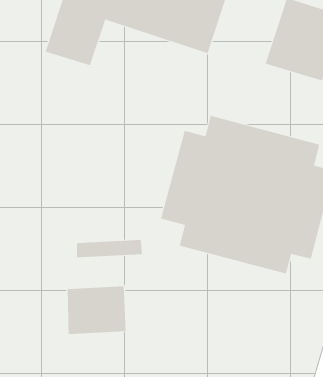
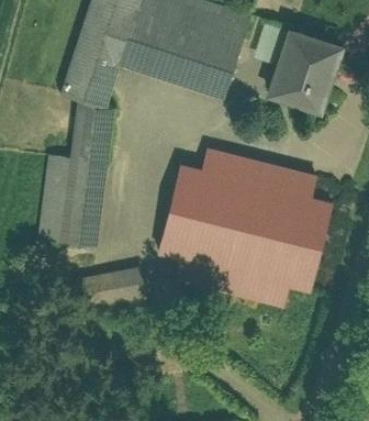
building: none -> [33,96,110,242]
building: [67,285,126,335] -> none

